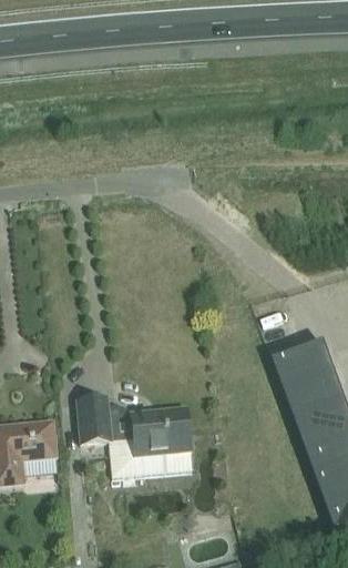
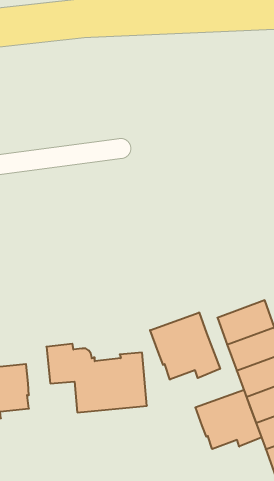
building: none -> [150,312,220,380]
building: none -> [195,390,261,449]

